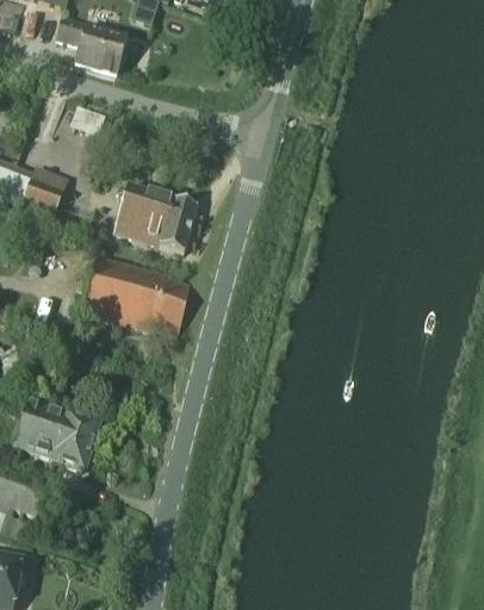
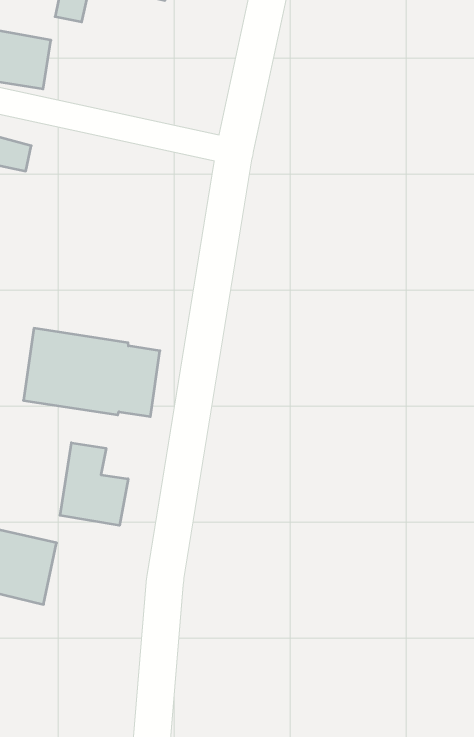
building: [114,185,197,250] -> none
building: none -> [60,443,128,525]

